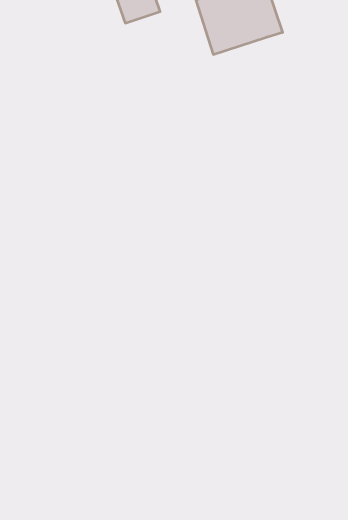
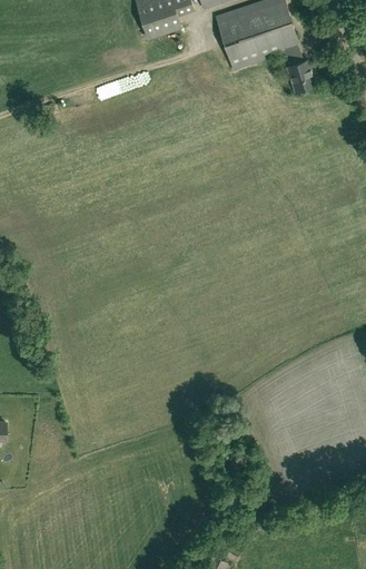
building: none -> [284,48,315,91]

